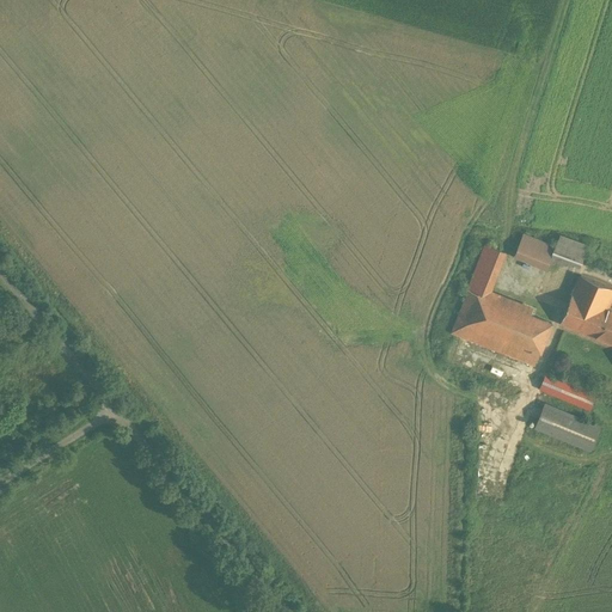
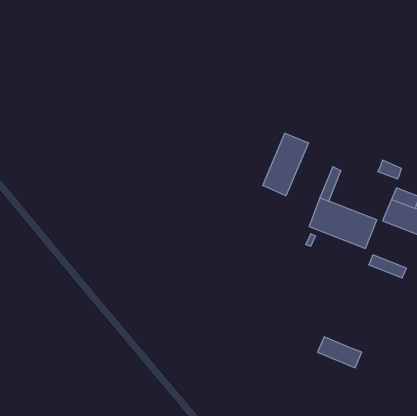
building: none -> [263,133,308,196]
building: [518,235,556,264] -> none
building: [536,405,600,451] -> [318,337,362,368]

